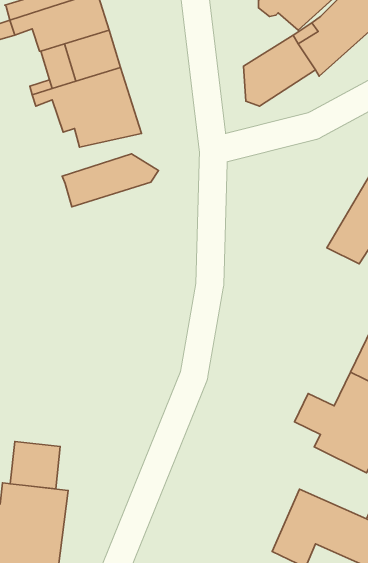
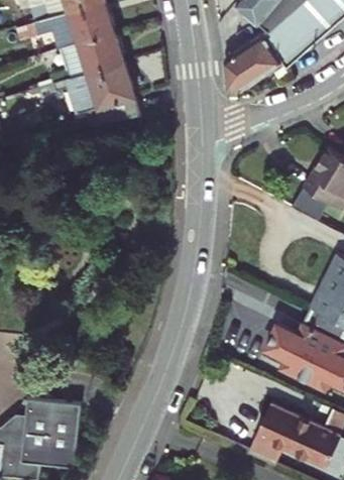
building: [62,154,158,207] -> none
building: [10,441,60,489] -> none

